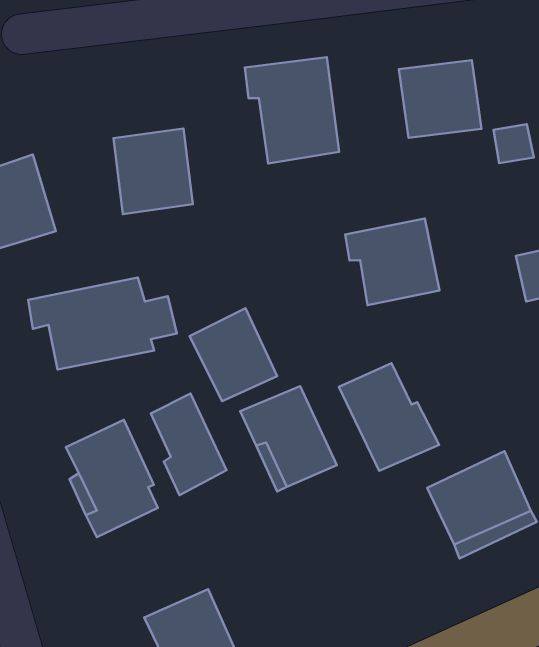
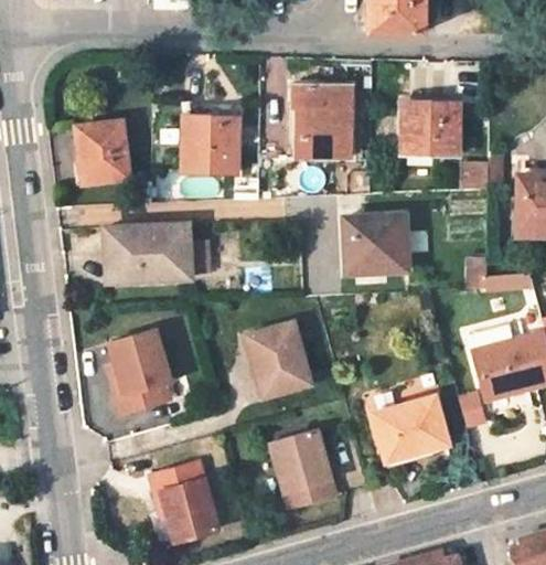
building: [189,308,277,401] -> none
building: [339,363,439,471] -> [268,430,335,509]
building: [151,393,226,495] -> none

